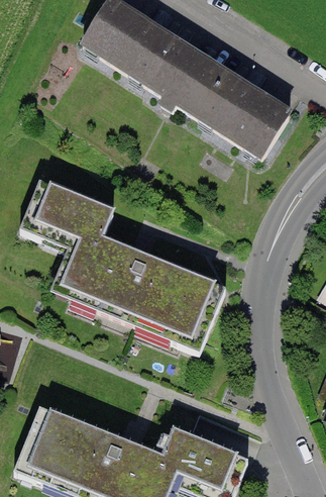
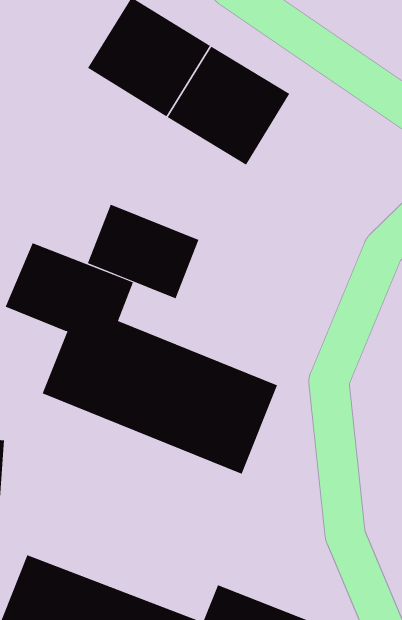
building: [199,70,289,159] -> none
building: none -> [87,204,199,299]

